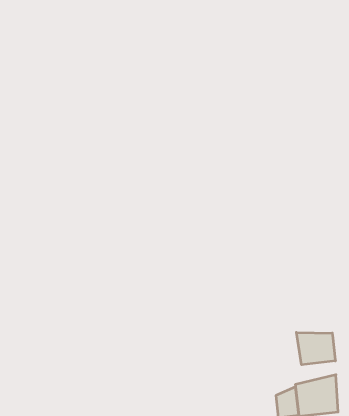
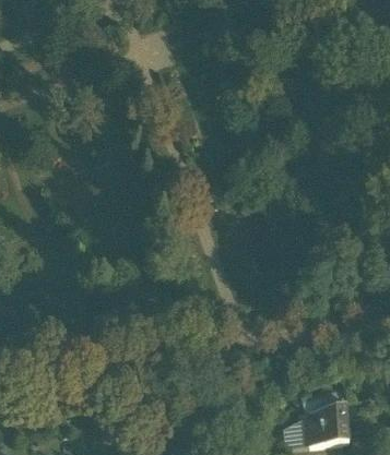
building: [296,332,335,365] -> none

